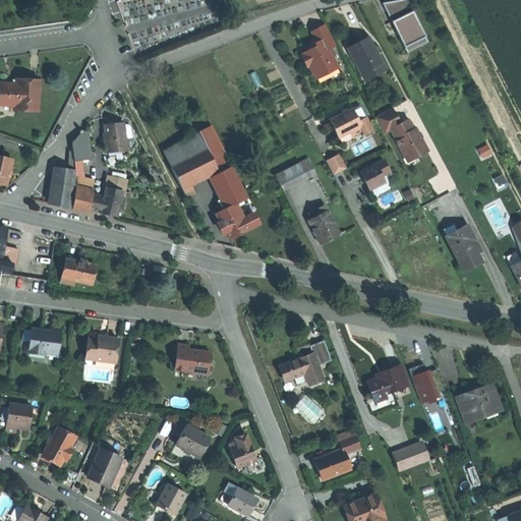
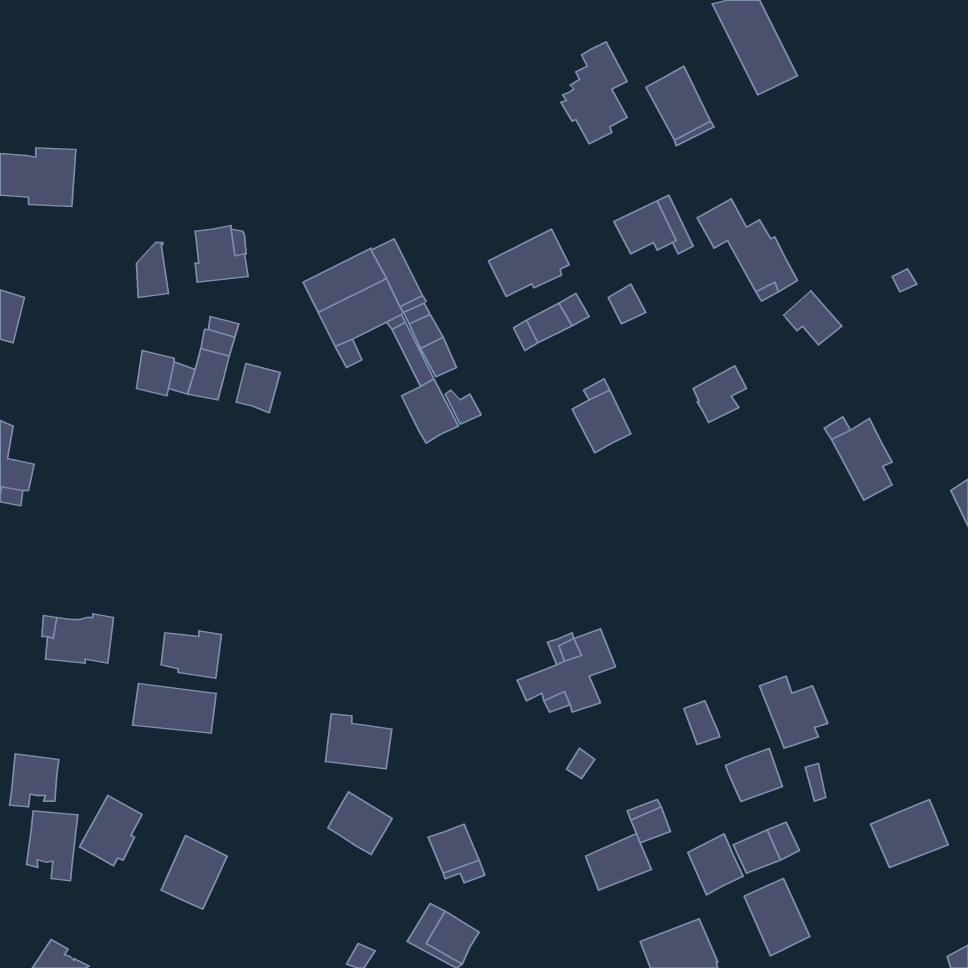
building: none -> [488,229,569,296]
building: none -> [784,291,842,345]
building: [361,159,390,189] -> [693,366,746,423]
building: [50,168,75,208] -> none
building: none -> [236,363,280,413]
building: [62,258,94,283] -> none
building: [176,346,212,375] -> [325,714,392,769]
building: [378,364,408,393] -> [726,749,782,802]
building: none -> [132,683,216,733]
building: [458,385,500,421] -> [871,799,948,868]
building: none -> [26,811,78,881]
building: none -> [688,834,743,895]
building: none -> [744,879,810,956]
building: [157,485,186,516] -> none

